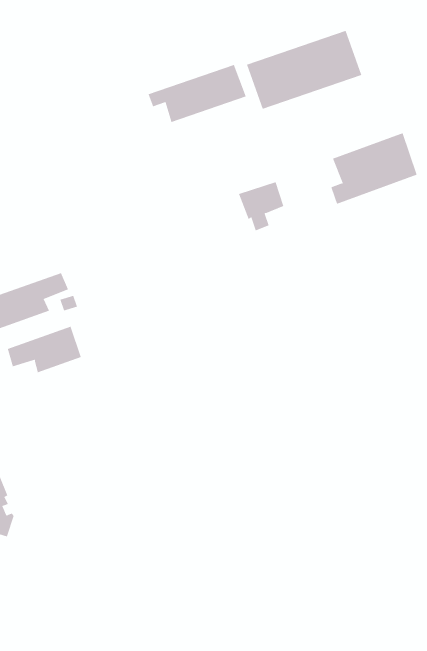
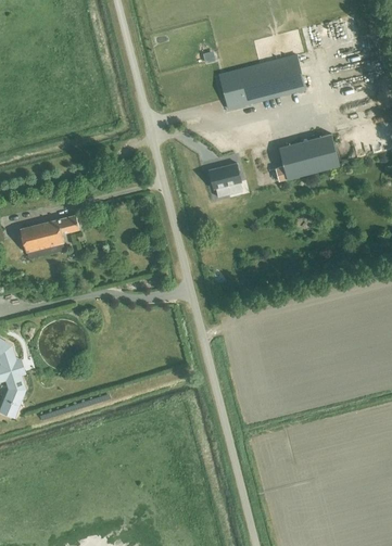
building: [148,64,246,123] -> none
building: [7,326,81,373] -> none

